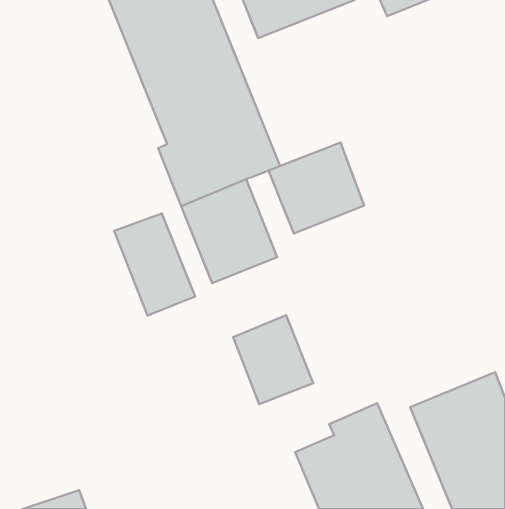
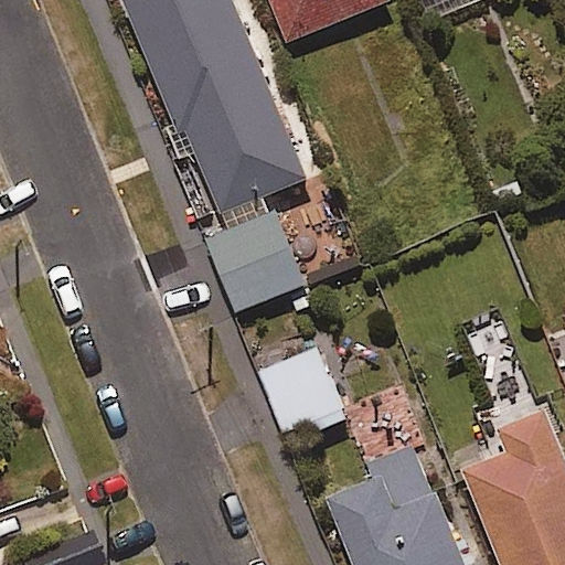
building: [268,142,364,234] -> none
building: [114,214,195,316] -> none

